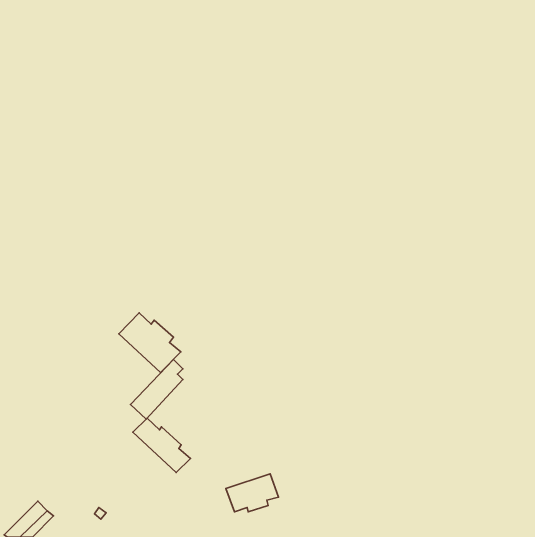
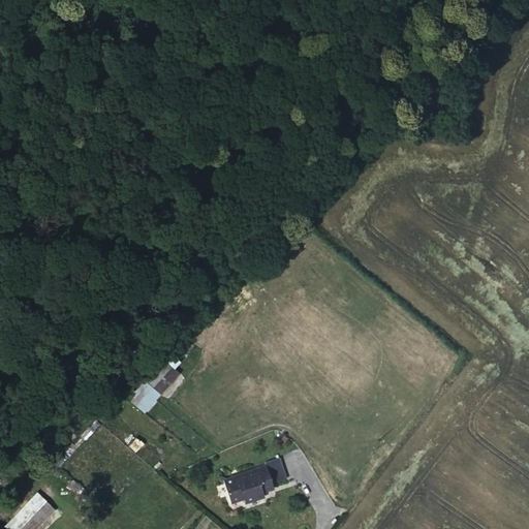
building: [119,313,181,373] -> none
building: [133,418,190,472] -> none

